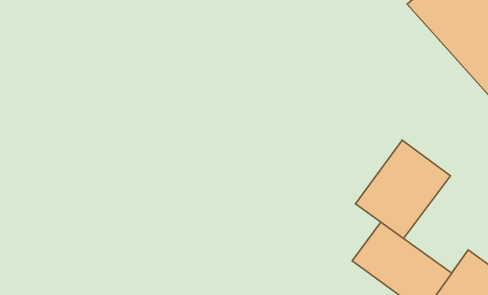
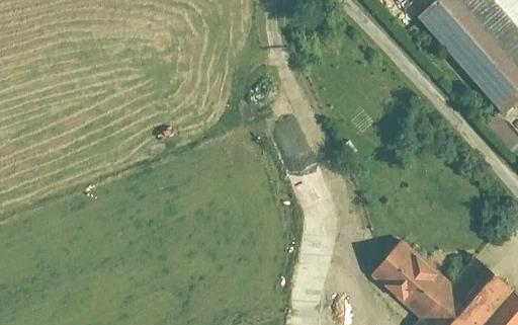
building: [356,140,451,239] -> none

